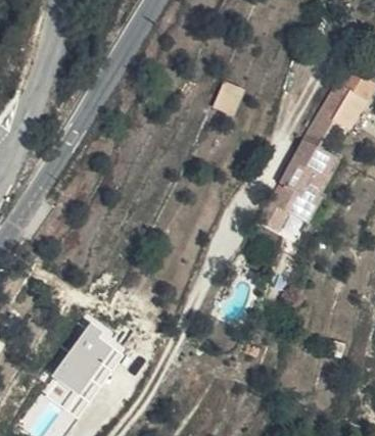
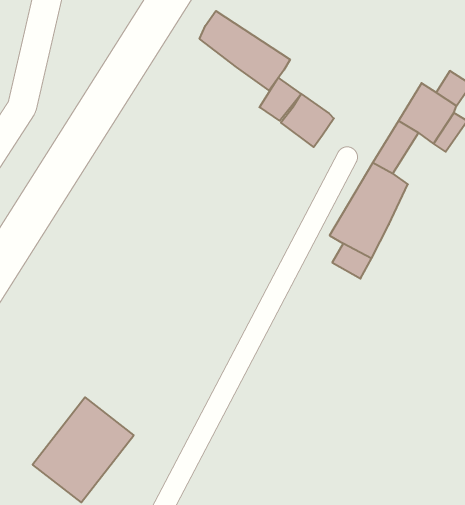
building: none -> [200,11,290,90]
building: none -> [281,94,334,147]

